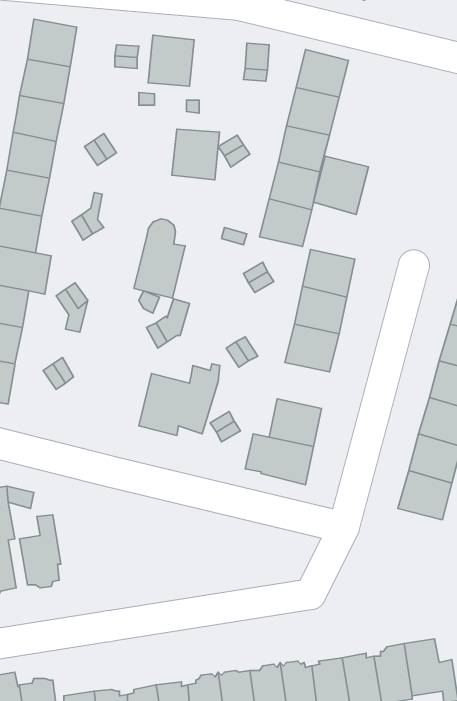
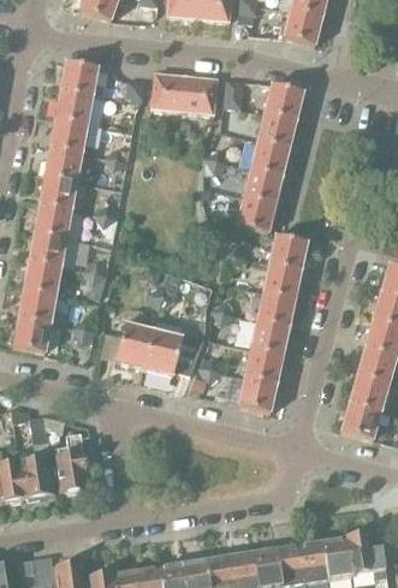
building: [172,129,220,180] -> [183,77,219,115]
building: [314,156,368,215] -> none
building: [134,219,185,298] -> [115,309,154,369]
building: none -> [249,321,289,356]

